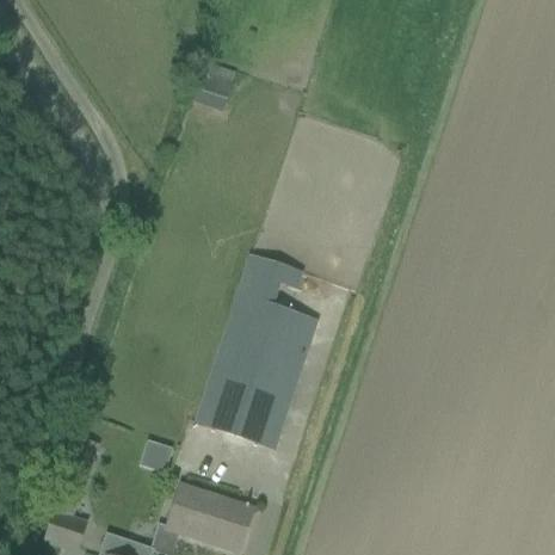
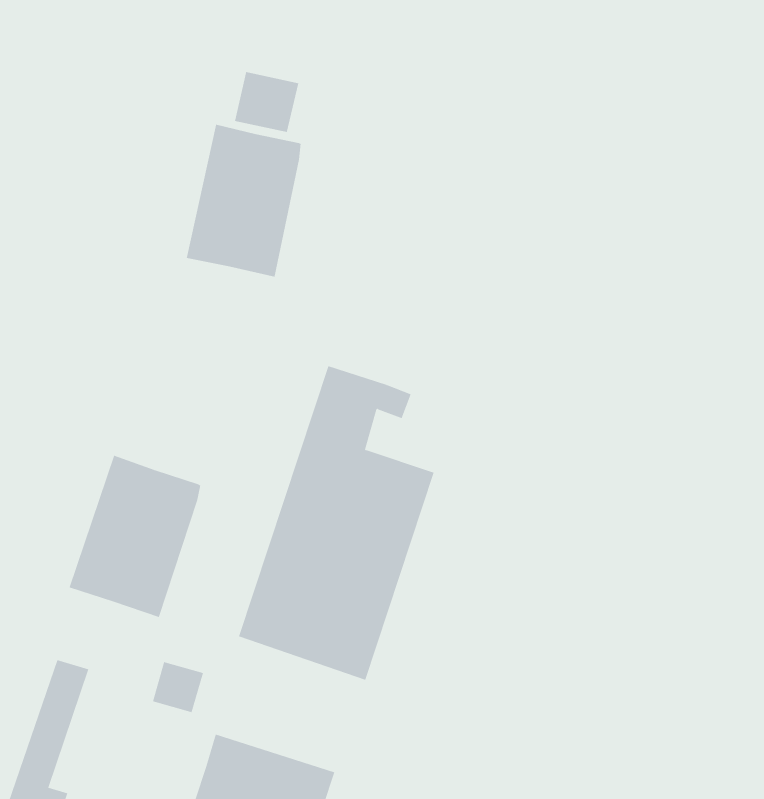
building: none -> [186,124,301,277]
building: none -> [69,455,201,618]

